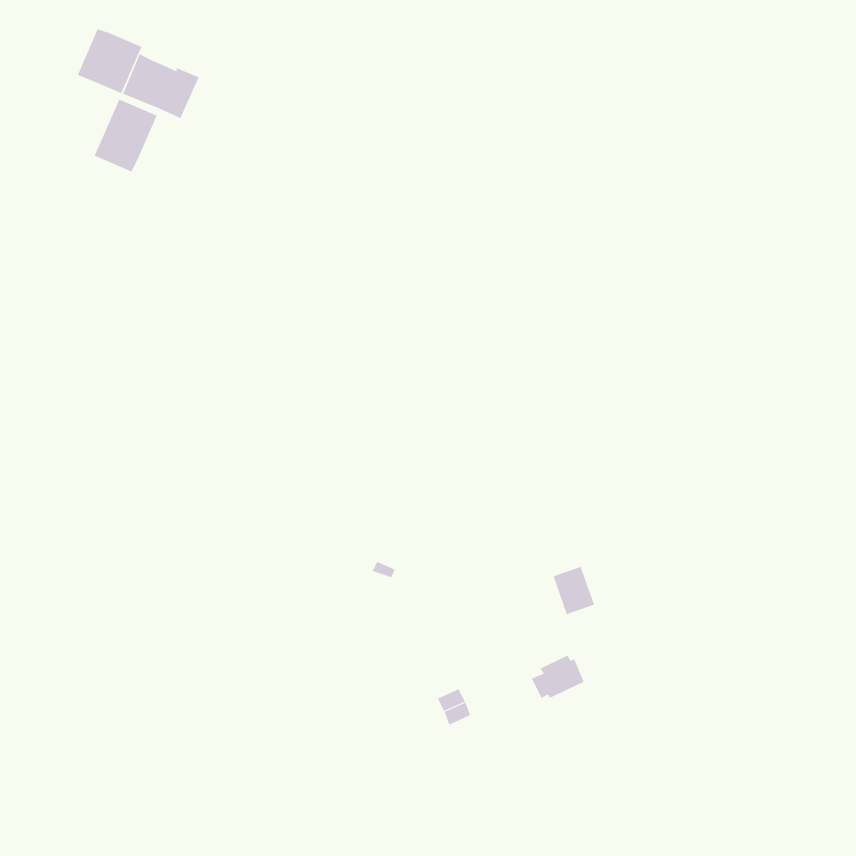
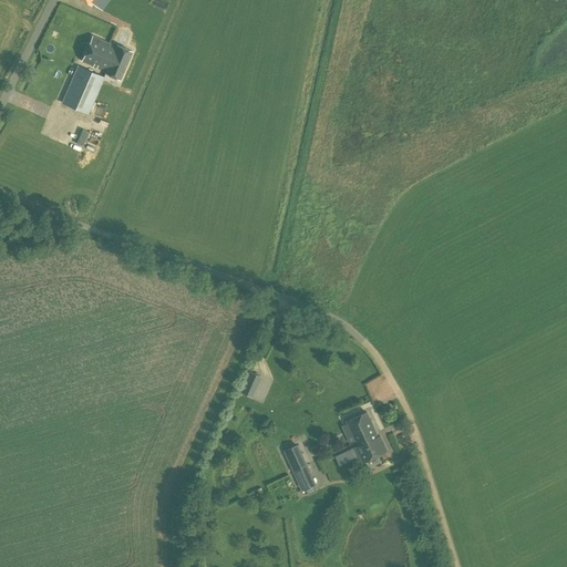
building: [77,28,142,94] -> none
building: none -> [347,412,375,442]

